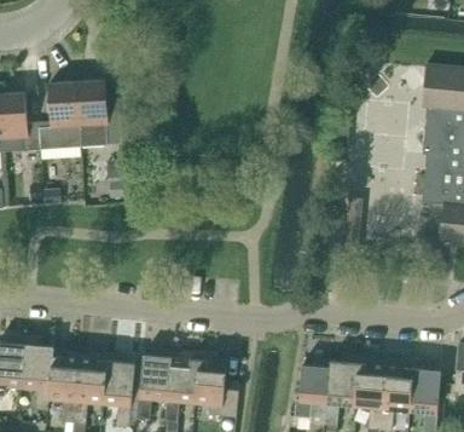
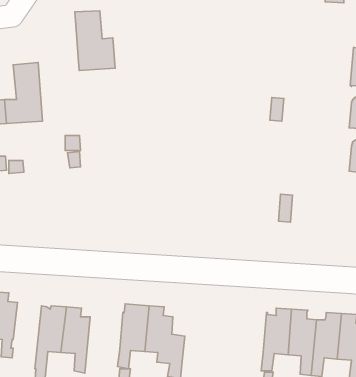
building: [76,80,121,146] -> [75,11,115,70]
building: [46,349,80,422] -> none
building: [137,349,173,419] -> none
building: [294,358,330,417] -> none

